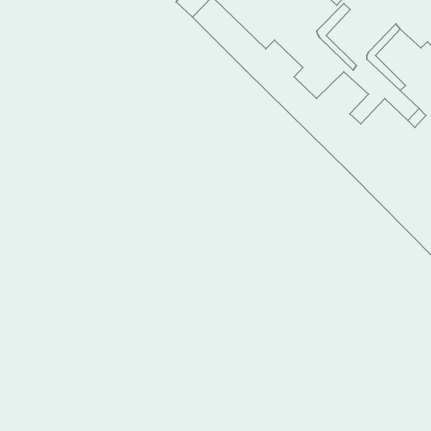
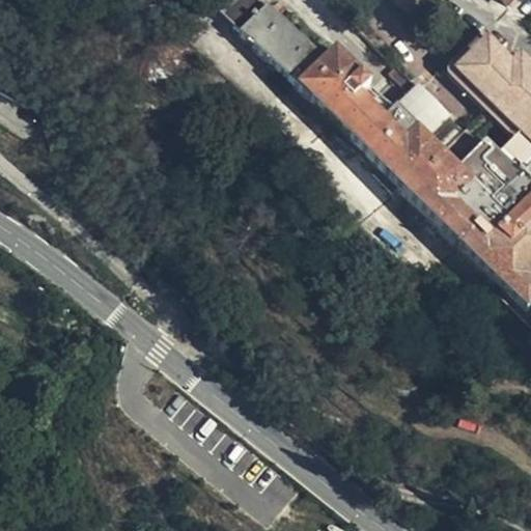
building: [317,4,356,70] -> none

